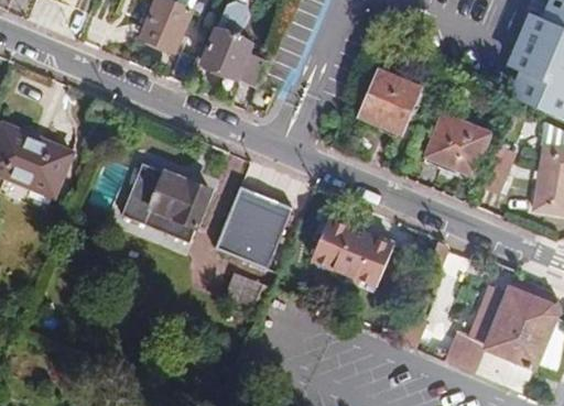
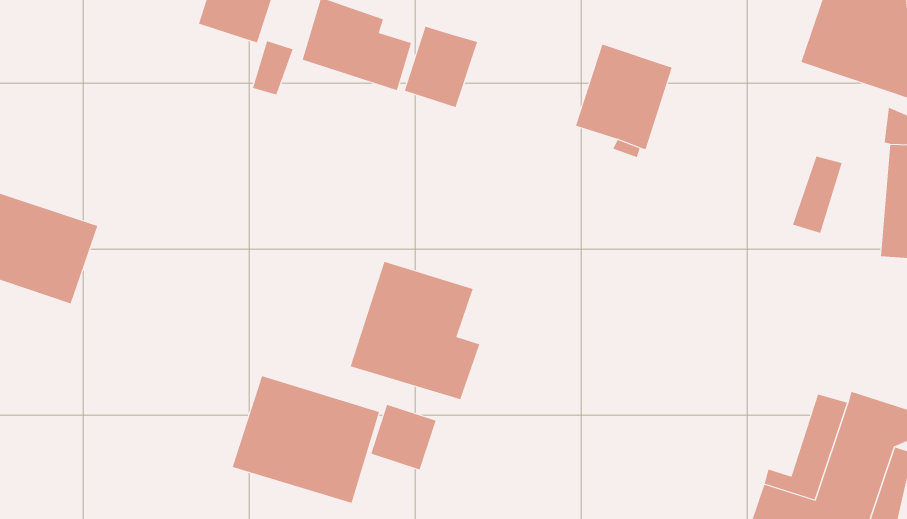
building: none -> [404,26,478,108]
building: [426,112,490,174] -> none
building: [121,162,212,242] -> [232,375,380,504]
building: [311,216,394,286] -> none

